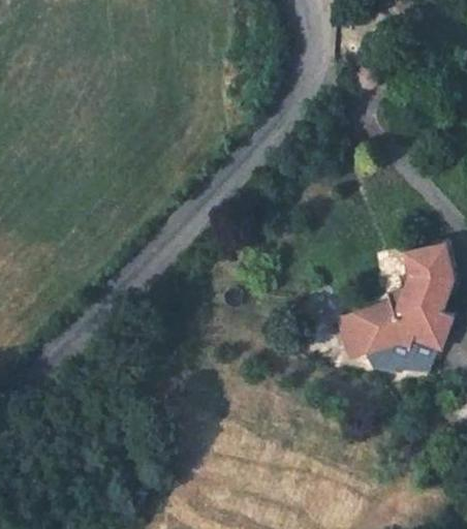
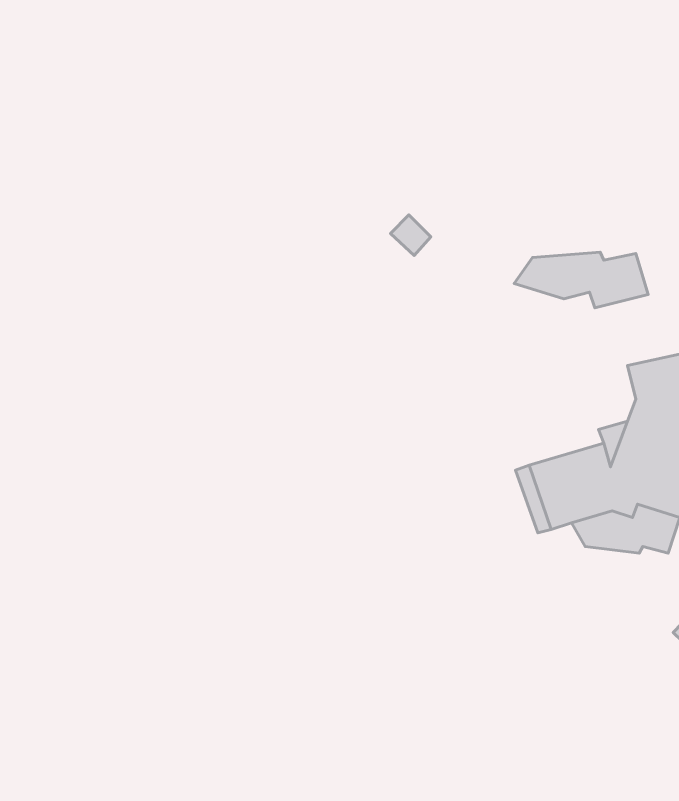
building: none -> [514,252,648,308]

